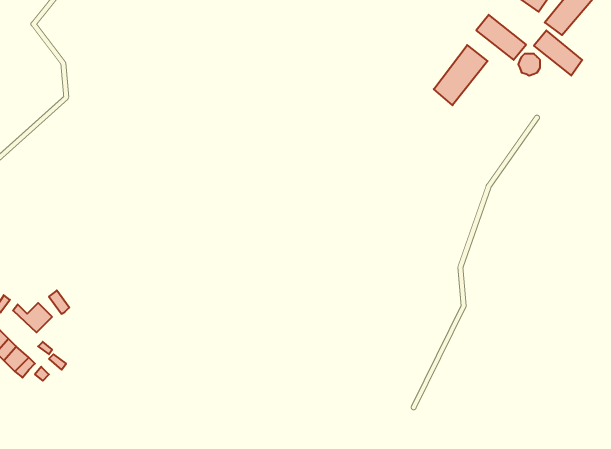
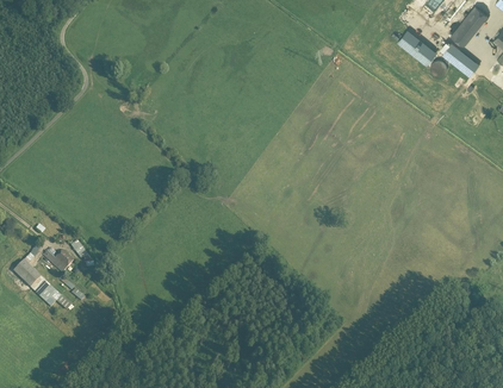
building: [434,45,488,105] -> none

